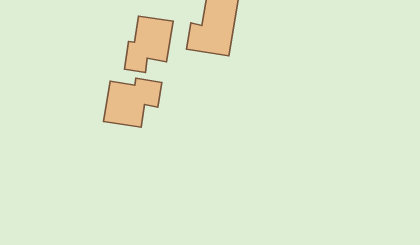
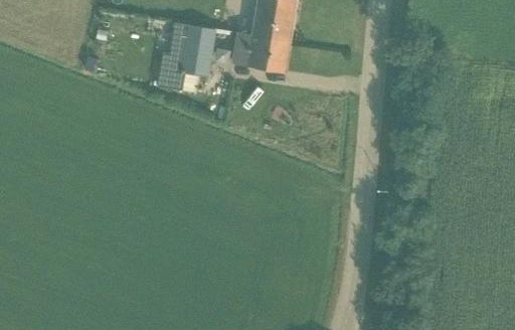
building: [103,78,162,127] -> none

